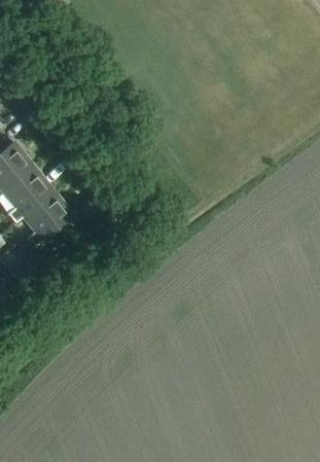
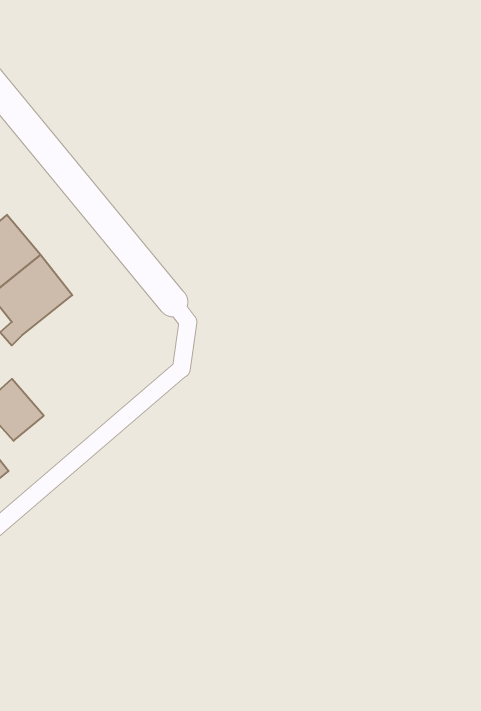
building: [23,190,73,245] -> none

